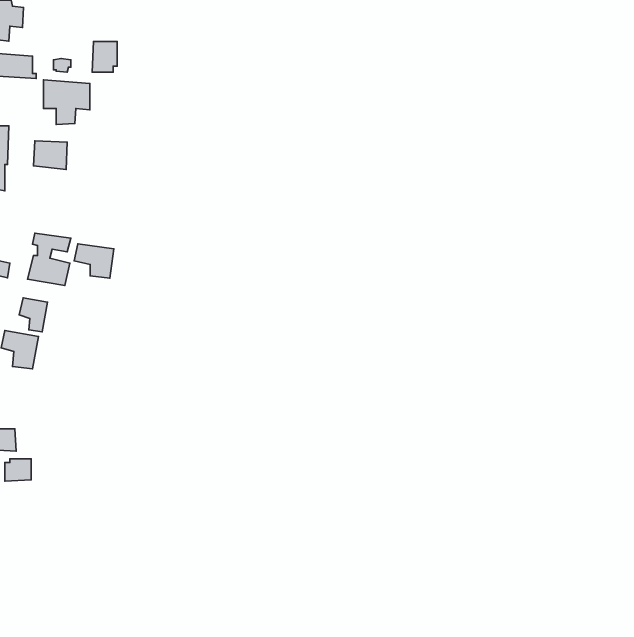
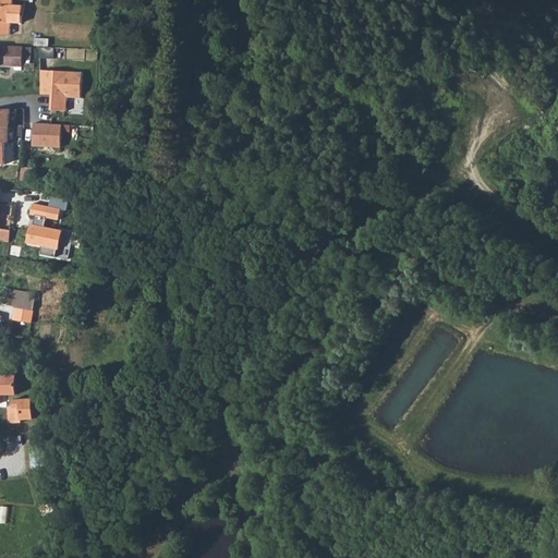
building: [92,42,117,72] -> none
building: [74,244,114,278] -> none
building: [19,298,48,332] -> none

